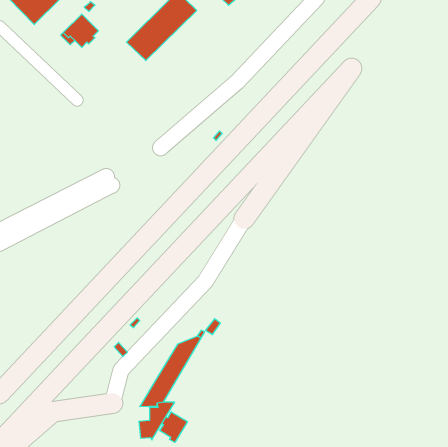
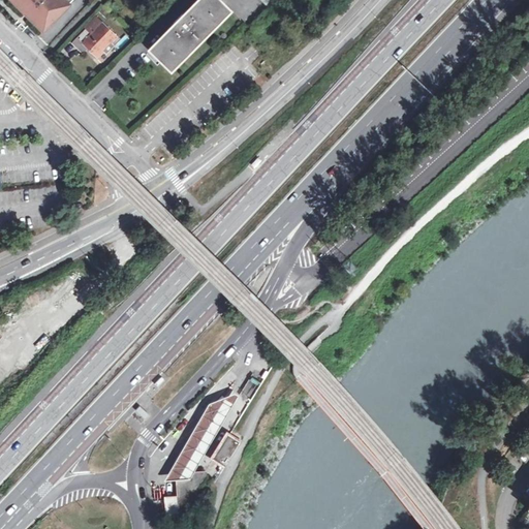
building: [160,412,187,442] -> none

